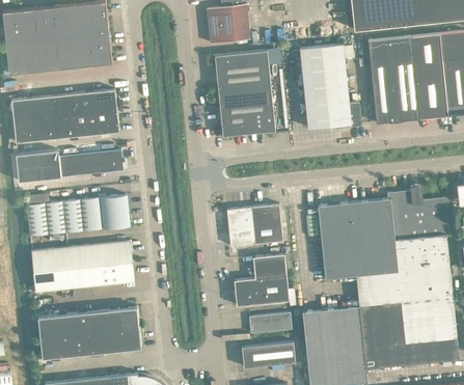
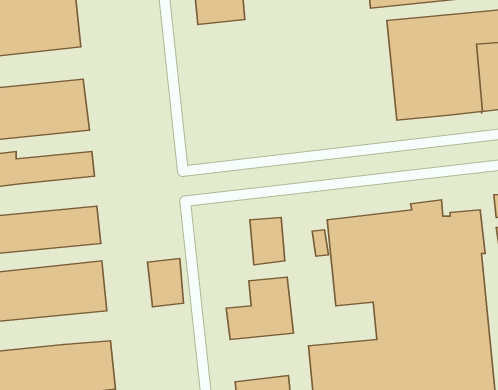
building: [300,44,361,129] -> none
building: [212,51,275,139] -> none
building: [226,207,256,247] -> [147,258,183,307]
building: [249,312,292,333] -> none

